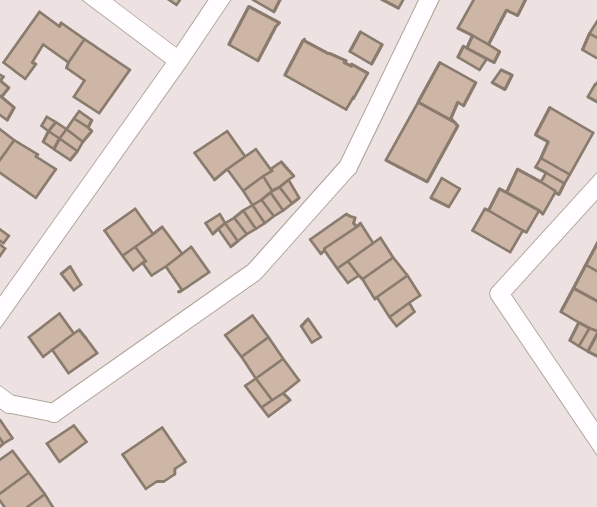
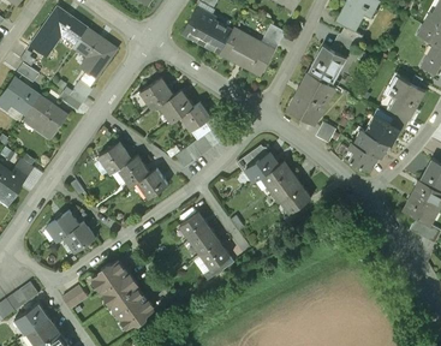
building: none -> [201,20,231,53]
building: none -> [139,77,173,109]
building: none -> [91,259,137,305]

